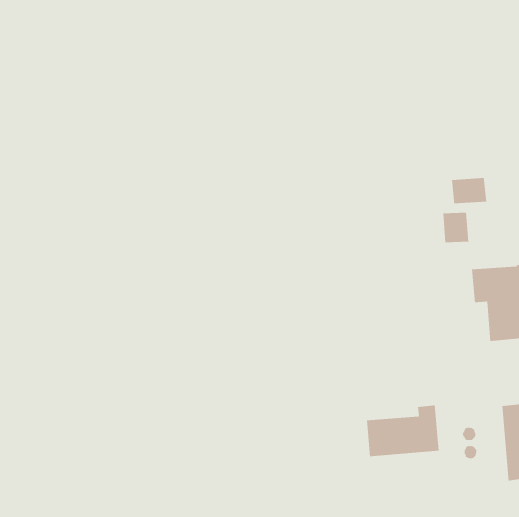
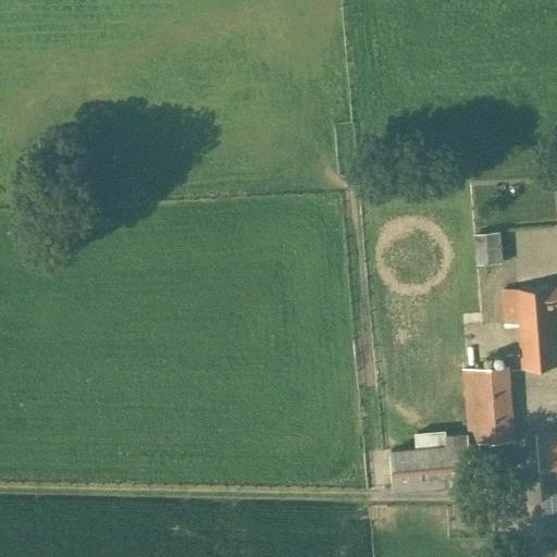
building: [451,177,487,204] -> none
building: none -> [467,369,513,446]

